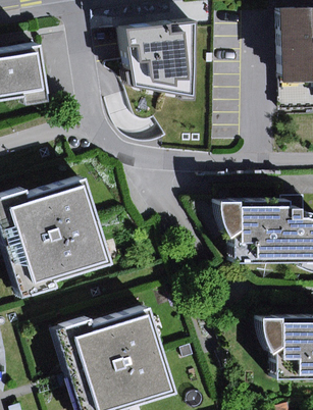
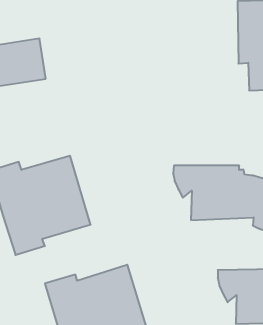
building: [117,14,196,96] -> none

